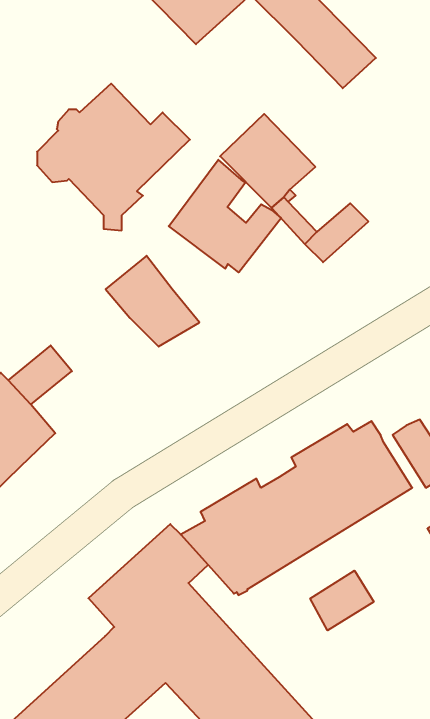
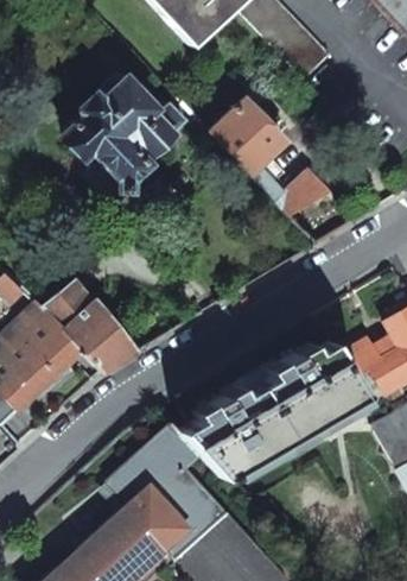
building: [169,160,281,272] -> none
building: [106,256,199,347] -> [63,303,136,374]
building: [310,571,374,630] -> none

